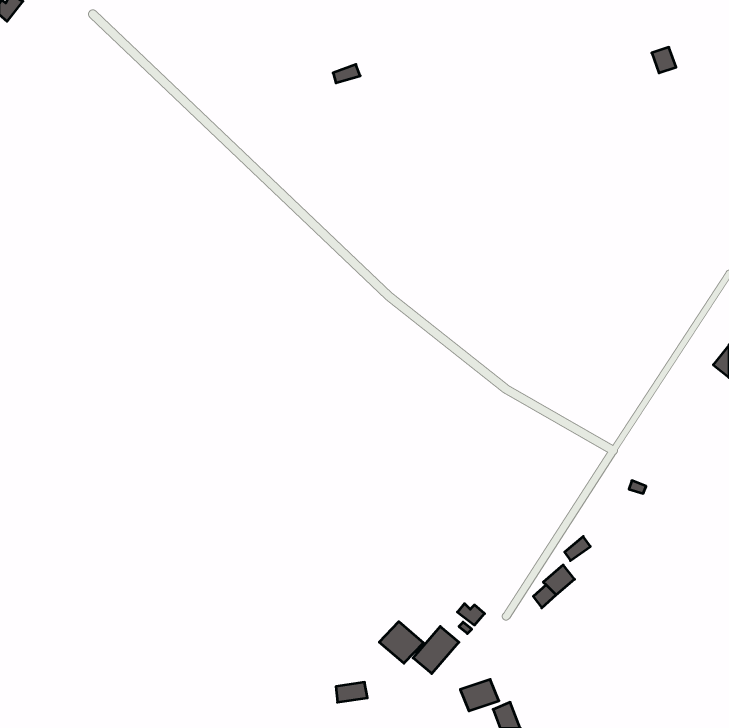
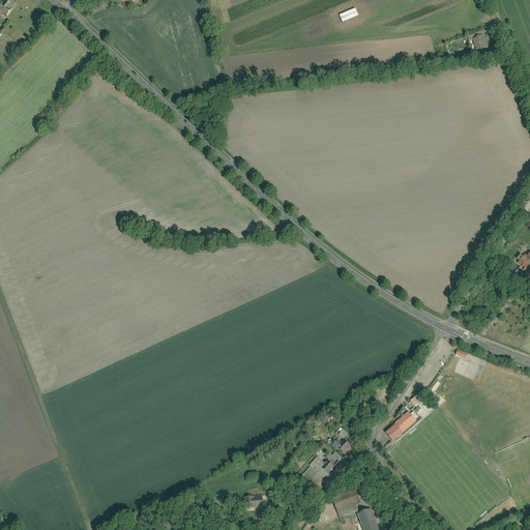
building: [379,622,423,663] -> none

